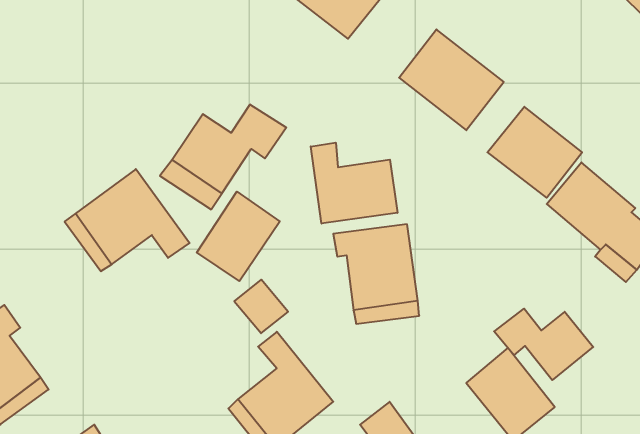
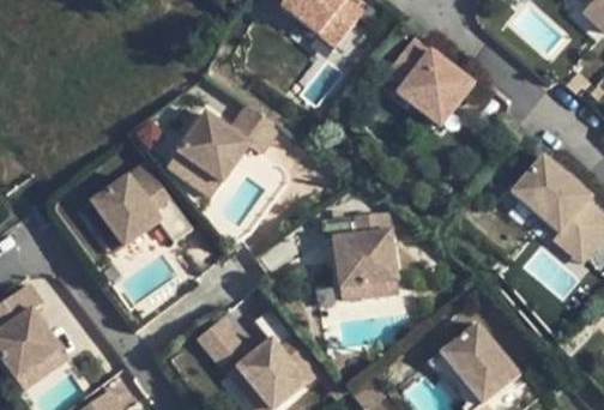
building: [487,107,582,198] -> none
building: [311,143,397,224] -> none
building: [197,192,280,281] -> none
building: [234,280,288,333] -> [197,319,244,367]
building: [494,309,593,380] -> none

